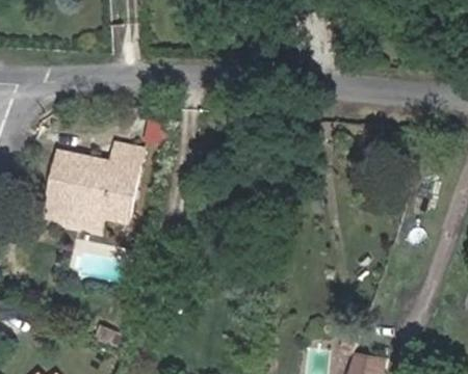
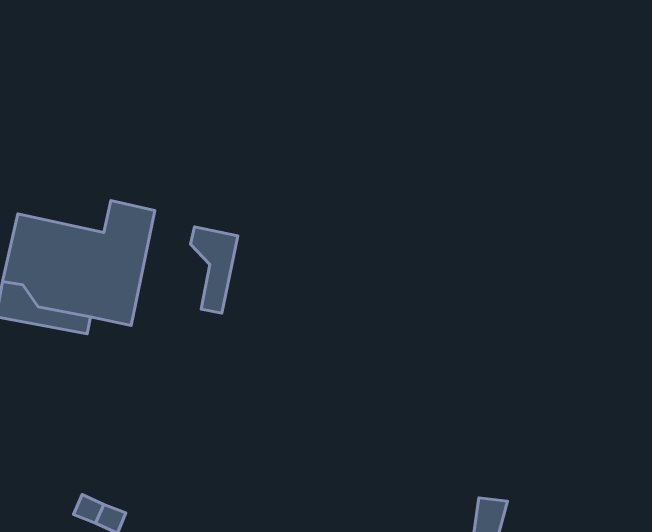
building: none -> [191,227,238,313]

